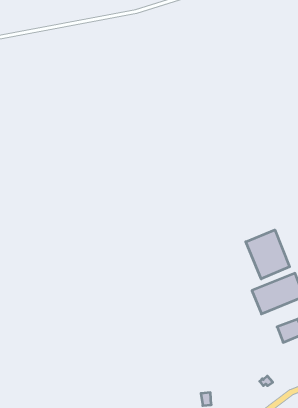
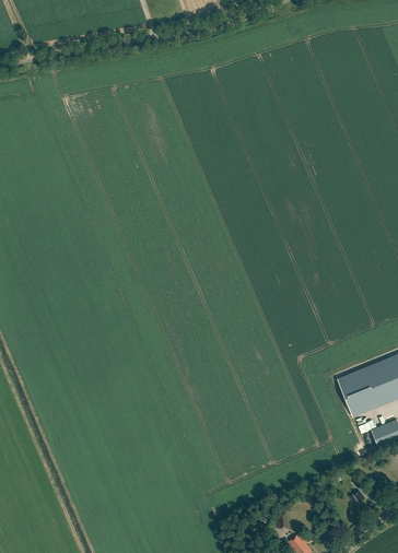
building: [246,230,290,279] -> none

